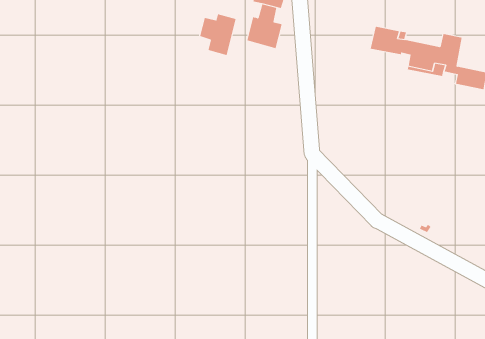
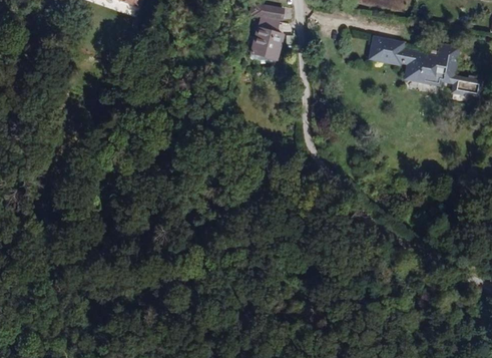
building: [199,14,236,56] -> none

